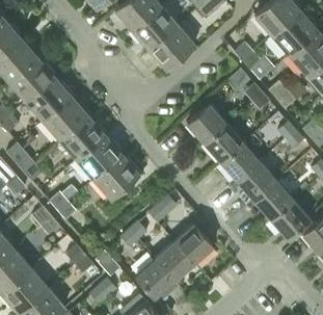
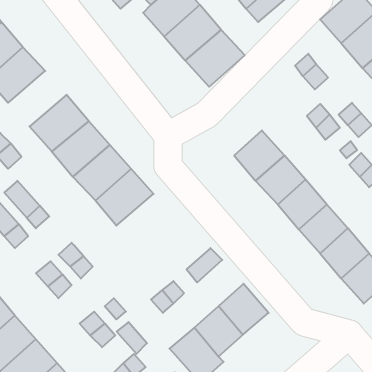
building: [9,56,55,100] -> none
building: [95,153,141,199] -> none

